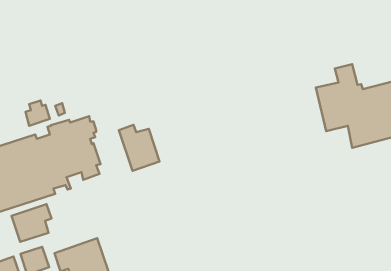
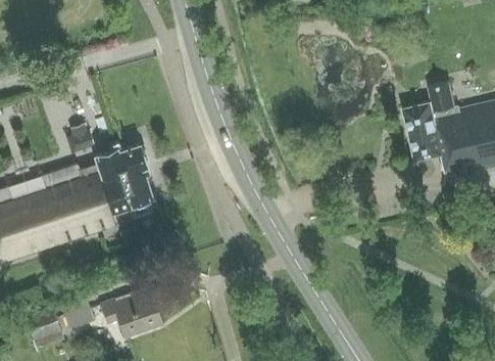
building: [119,125,160,171] -> none
building: [11,204,52,242] -> none

